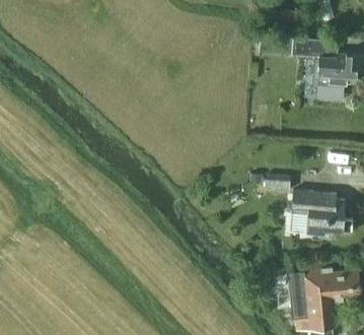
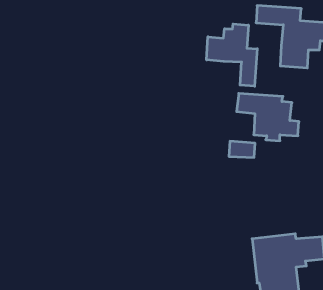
building: none -> [207,24,257,86]
building: [290,191,353,239] -> [237,93,299,141]

